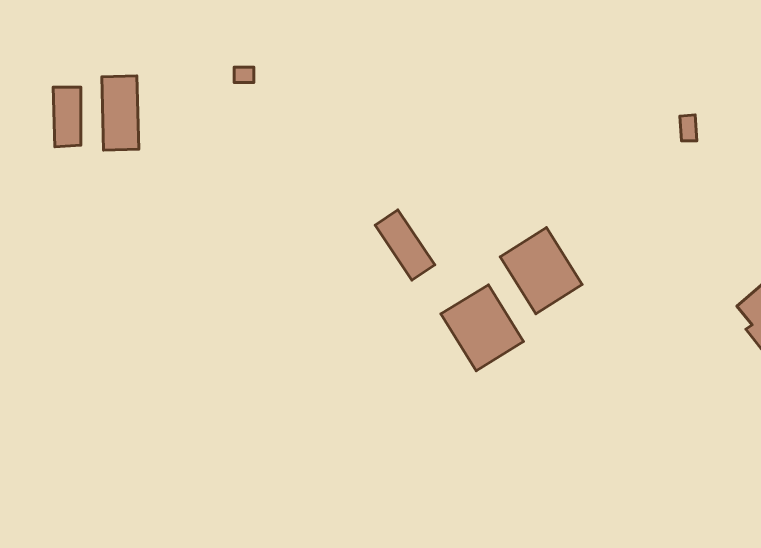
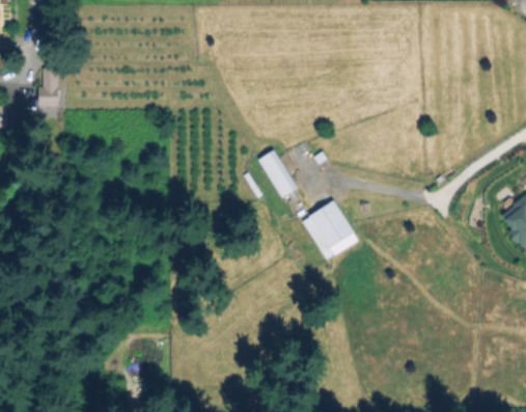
building: [102,76,139,150] -> none
building: [500,227,582,314] -> none

